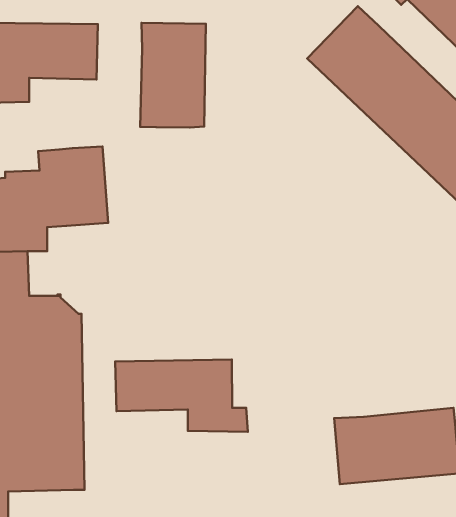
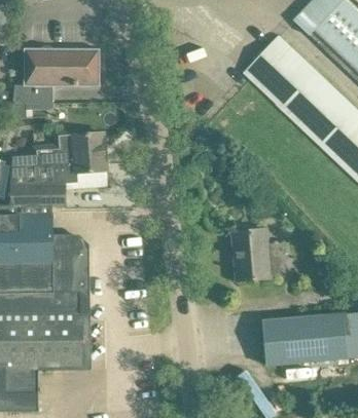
building: [140,23,206,127] -> none
building: none -> [232,229,285,279]
building: [115,360,248,432] -> none

